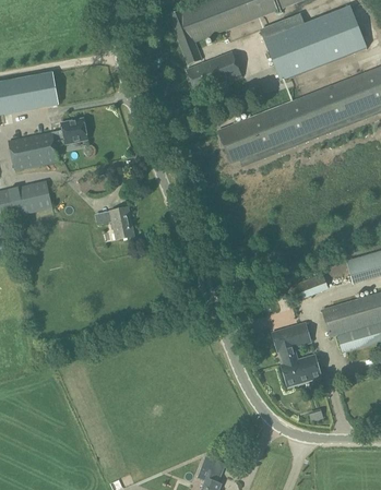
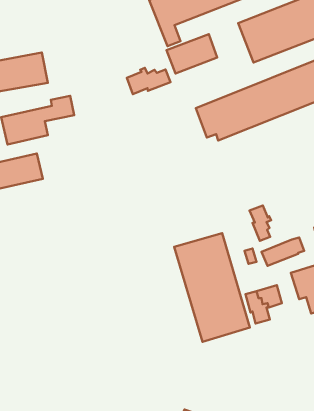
building: none -> [127,68,171,94]
building: [94,206,133,239] -> none
building: none -> [250,206,271,241]
building: none -> [174,233,250,342]
building: [281,355,320,386] -> none

